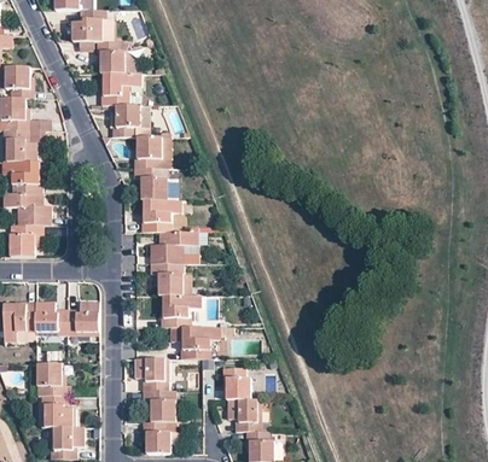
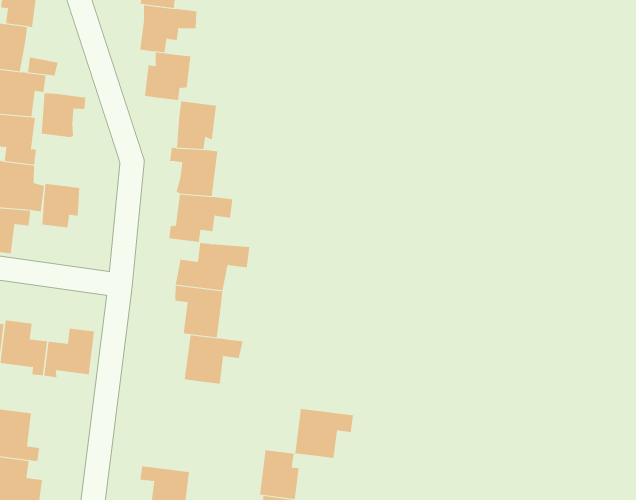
building: none -> [41,92,86,138]
building: none -> [42,183,80,228]
building: [182,327,220,358] -> [294,408,354,458]
building: [134,358,164,390] -> none

